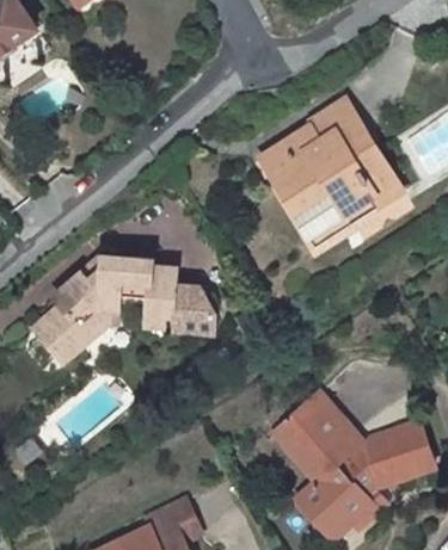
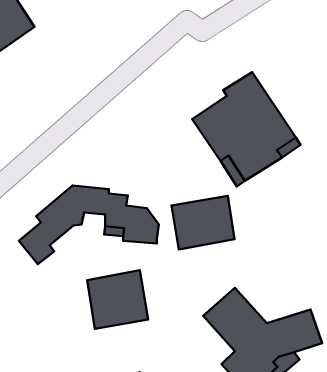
building: none -> [172,196,234,250]
building: none -> [87,270,148,329]

